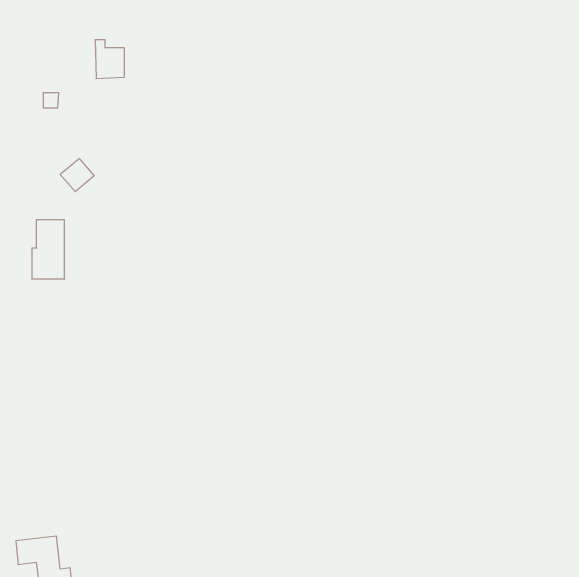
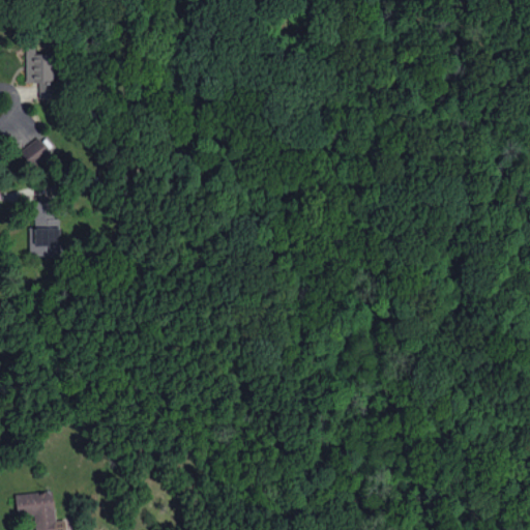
building: [95,40,124,78] -> [26,49,53,84]
building: [60,159,94,192] -> [20,139,51,169]

